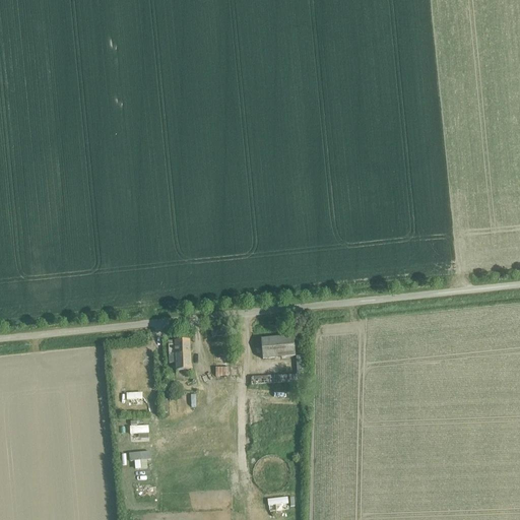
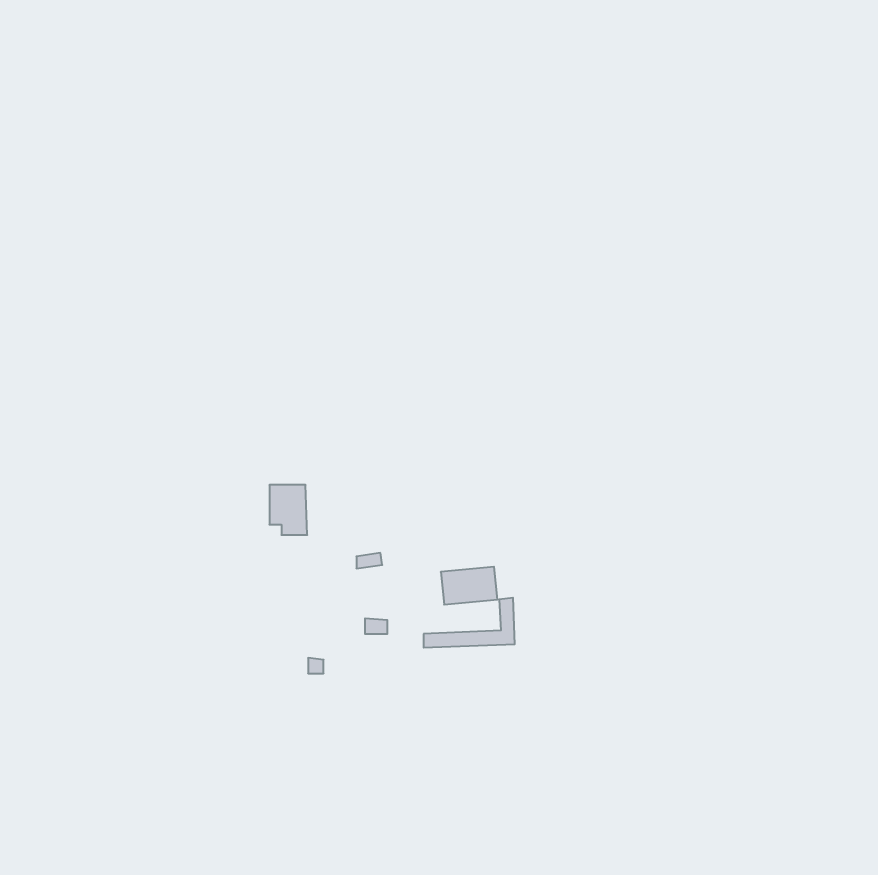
building: [168,338,190,368] -> [269,485,307,535]

